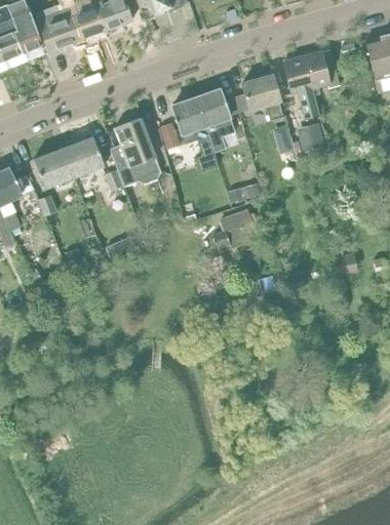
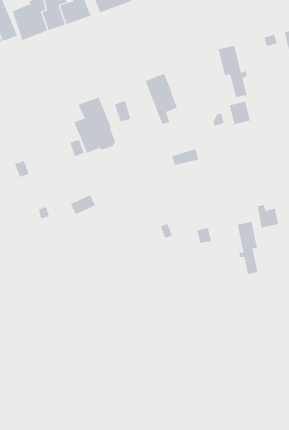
building: [304,49,338,88] -> none
building: [239,74,281,120] -> none
building: [171,98,220,170] -> none
building: [33,135,104,188] -> none
building: [211,208,257,252] -> none
building: none -> [237,221,258,275]

